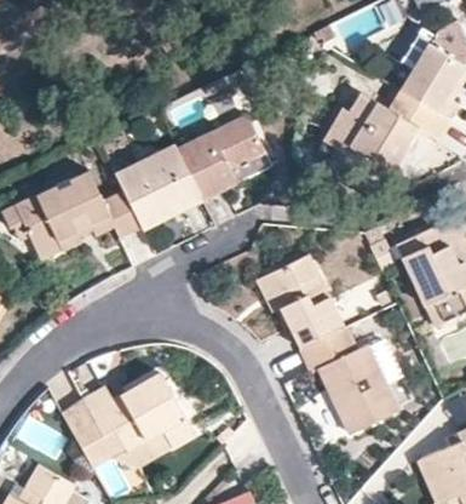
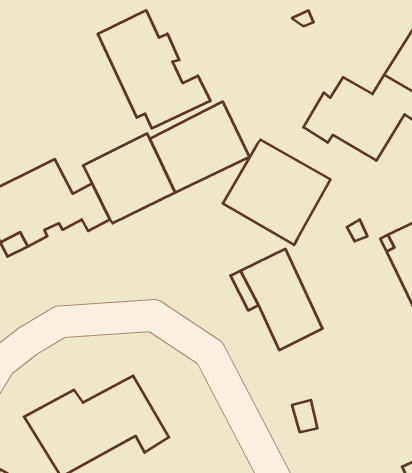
building: none -> [98,10,210,128]
building: none -> [223,140,330,245]
building: [300,326,397,431] -> none

